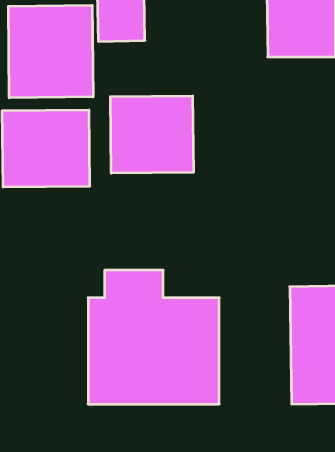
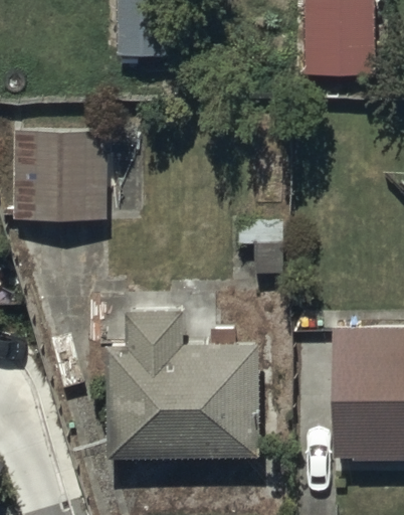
building: [8,5,93,98] -> none
building: [110,96,193,173] -> none

